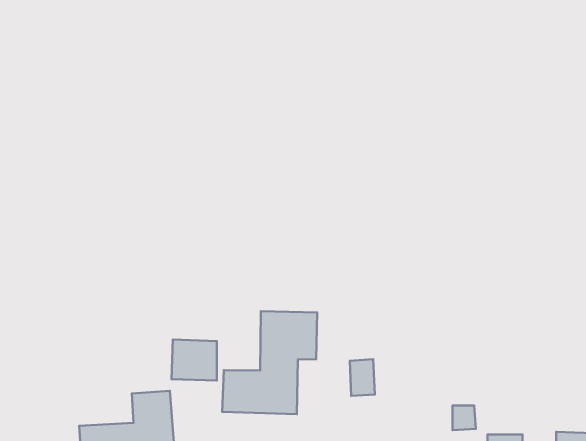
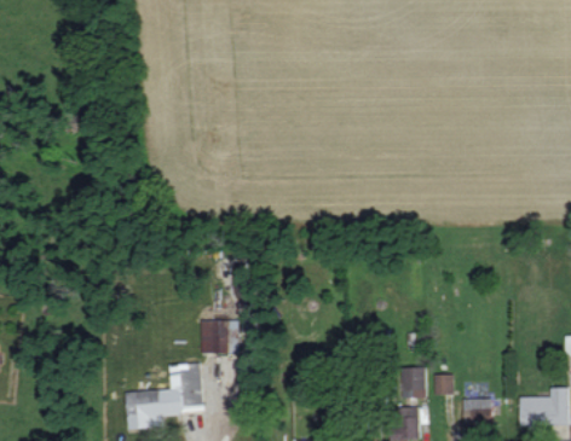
building: [222,311,317,414] -> none
building: [350,359,375,396] -> [404,367,425,398]

